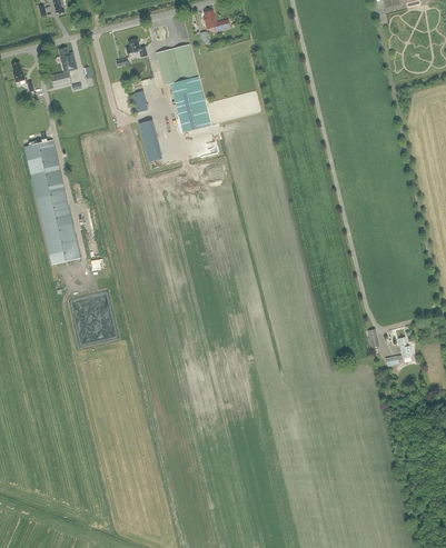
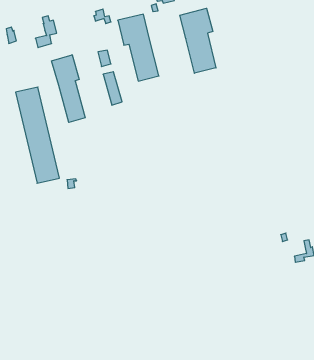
building: none -> [180,8,216,73]
building: none -> [52,55,85,122]

